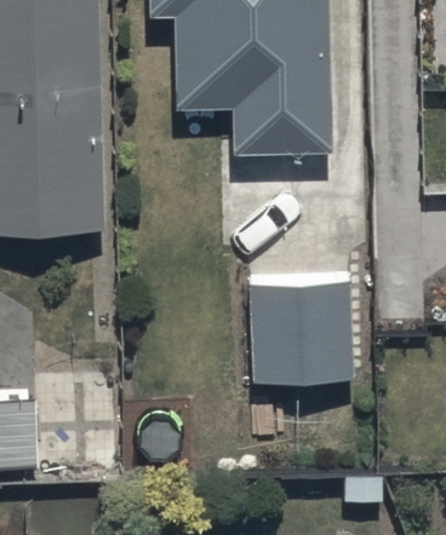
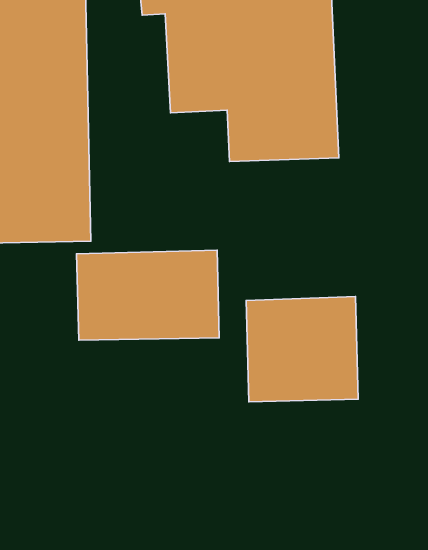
building: none -> [77,250,219,340]

